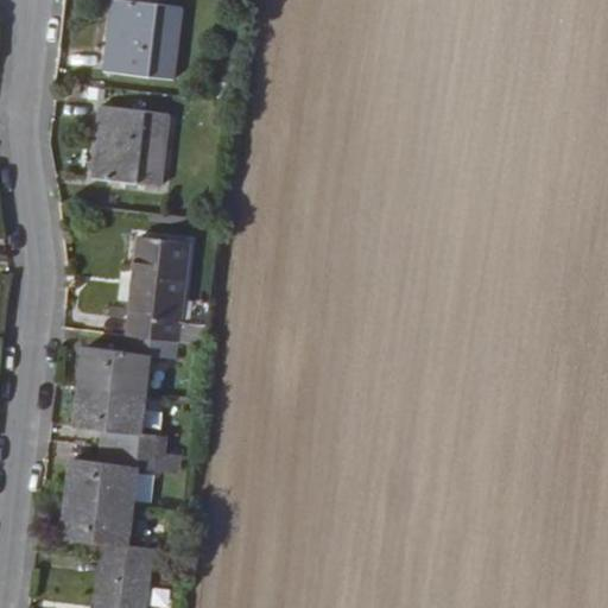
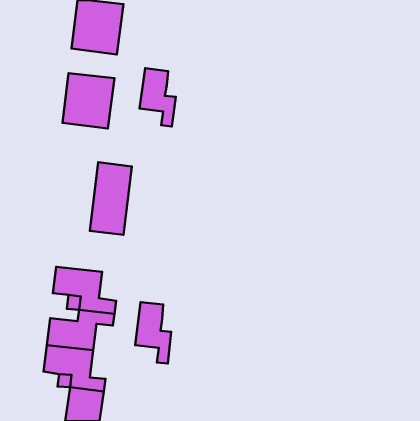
building: none -> [139,68,176,127]
building: [81,332,178,392] -> none
building: none -> [135,302,171,363]

